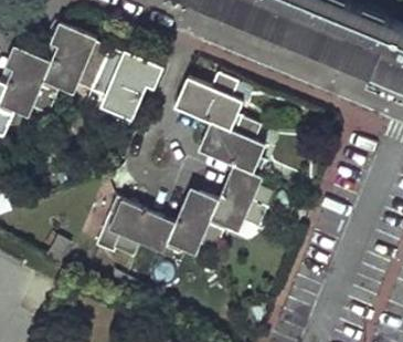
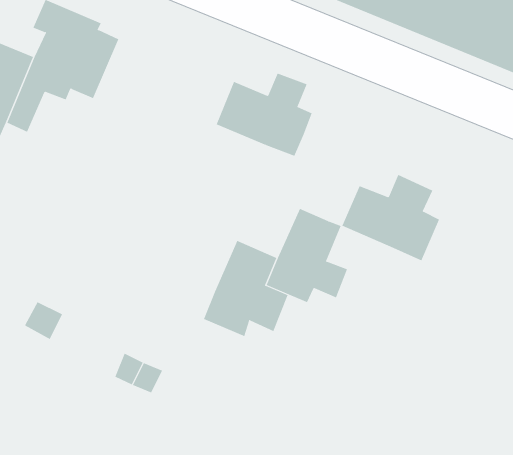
building: [91,53,161,129] -> none
building: [197,118,264,178] -> [341,174,440,261]
building: [94,200,173,260] -> none

